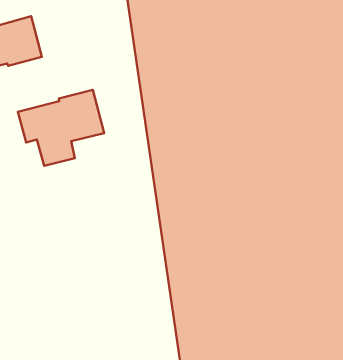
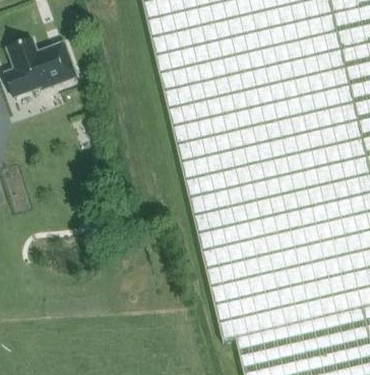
building: [18,90,104,166] -> none

